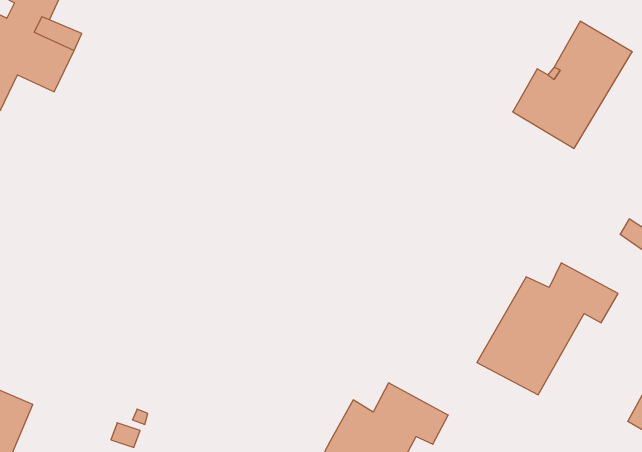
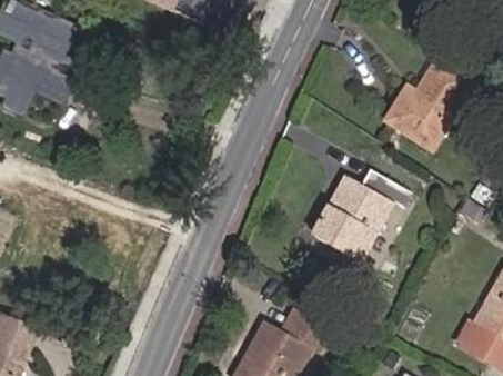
building: [477,263,618,395] -> [312,165,414,260]

